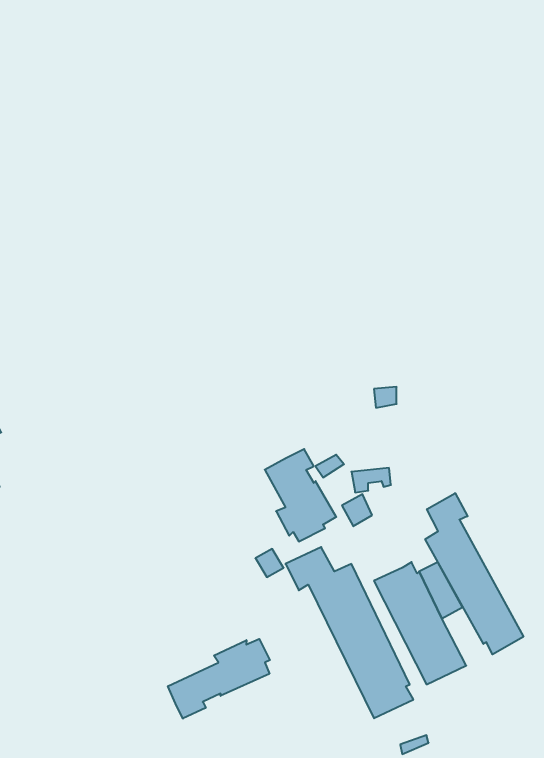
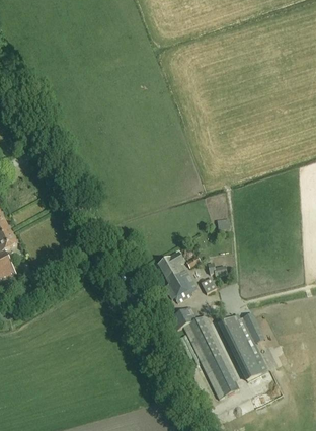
building: [425,493,523,654] -> none
building: [168,639,270,719] -> none

